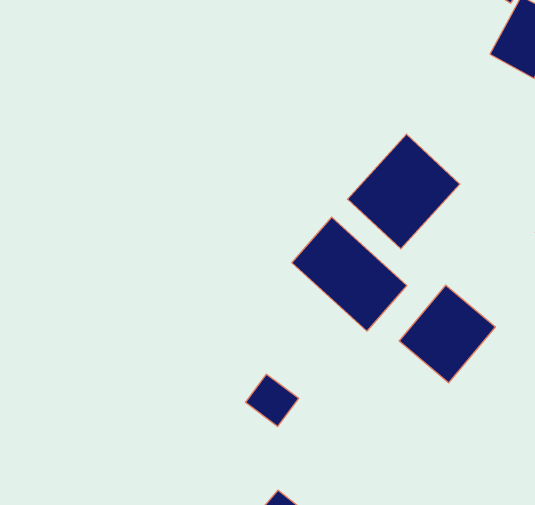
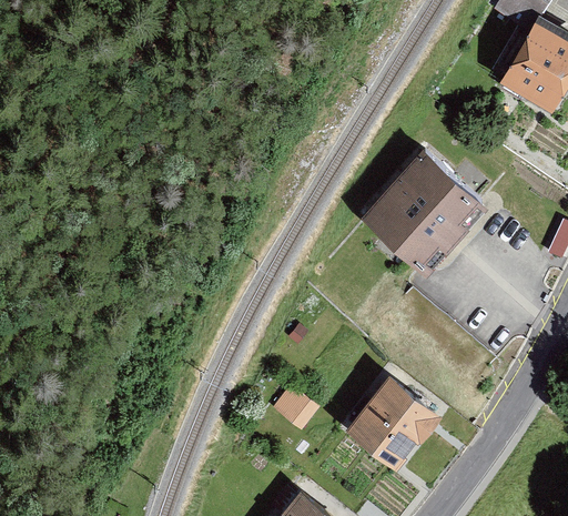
building: [292,217,407,331] -> none
building: [399,285,495,383] -> [347,380,439,473]

